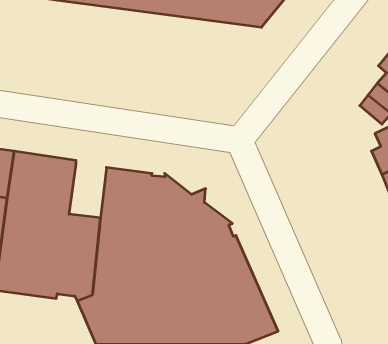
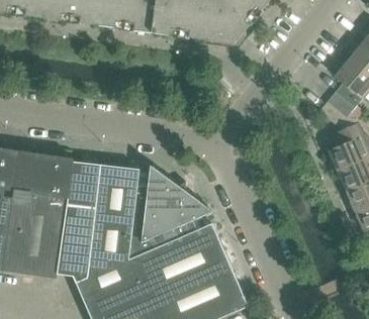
building: none -> [67,161,99,207]

